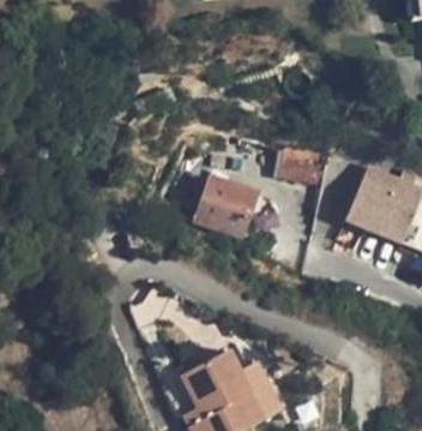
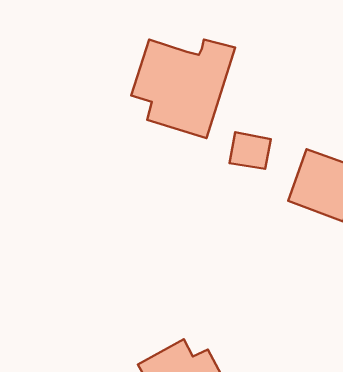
building: none -> [131,39,235,138]
building: [194,172,253,233] -> none

